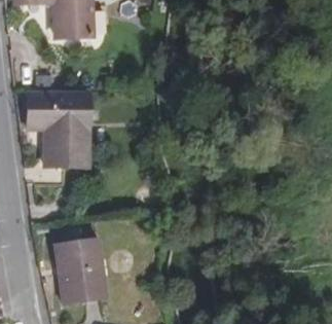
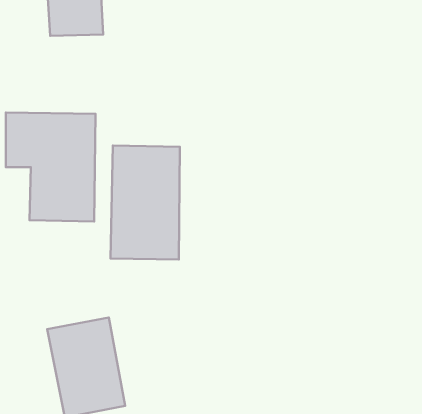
building: none -> [110,146,180,259]

